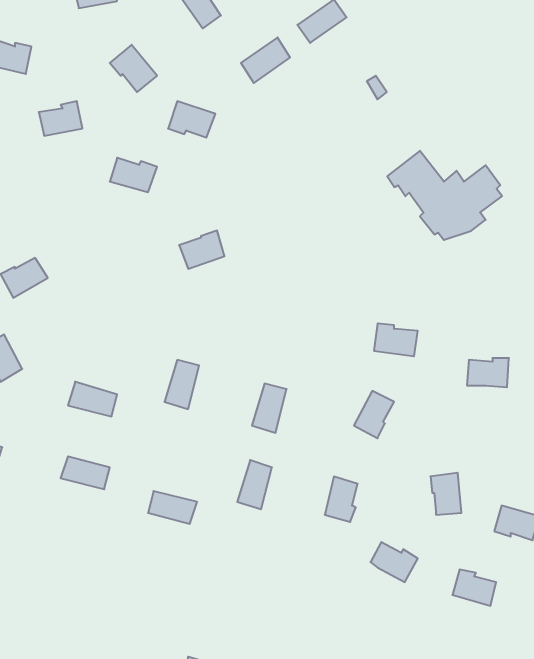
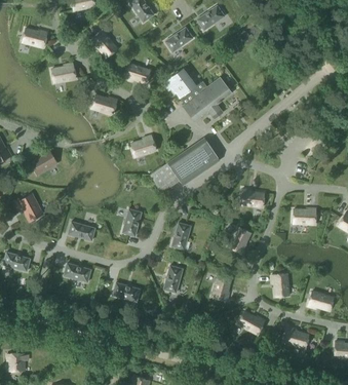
building: [387,151,502,240] -> [164,69,229,119]
building: none -> [167,138,218,183]

